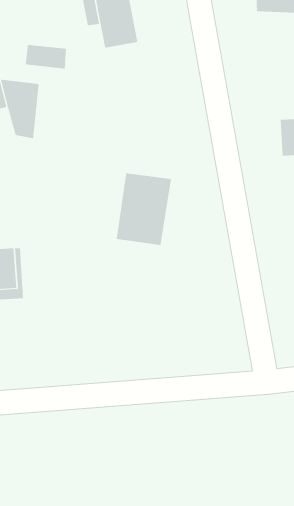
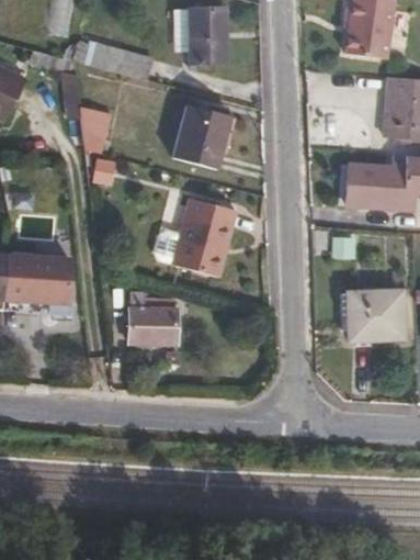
building: none -> [172,107,231,171]
building: none -> [127,303,173,339]

